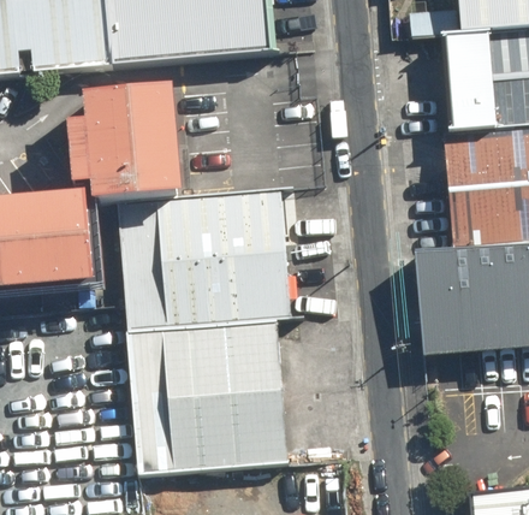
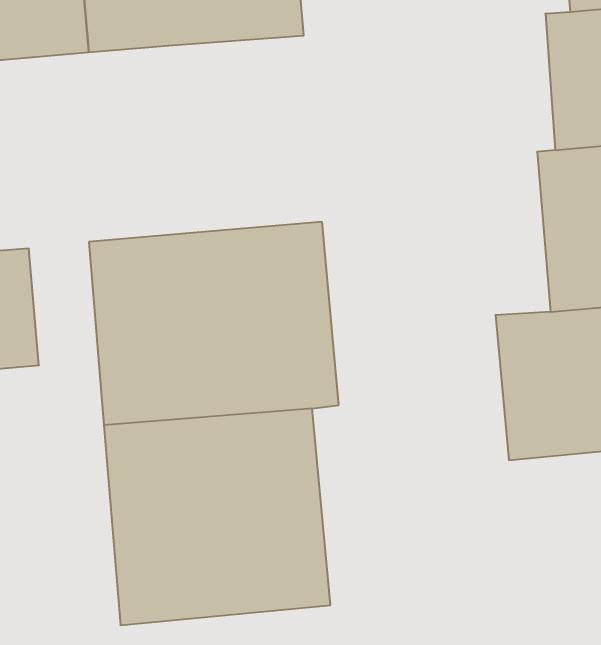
building: [73,55,184,200] -> none

